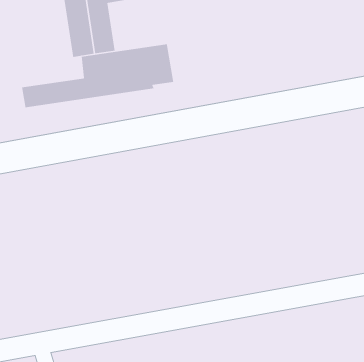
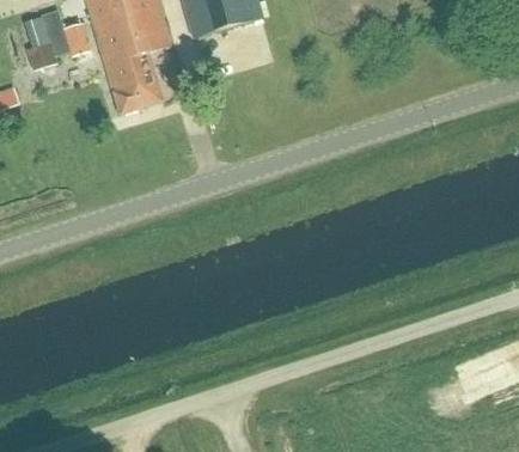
building: [22,44,174,108] -> none

